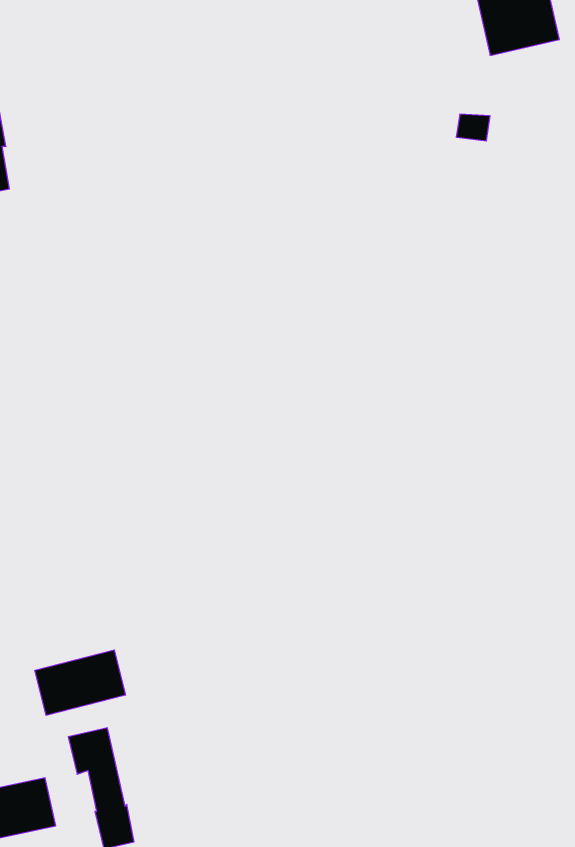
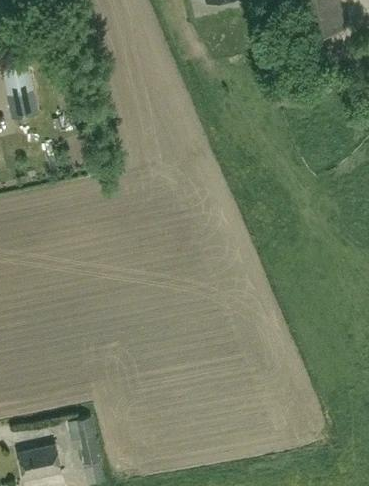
building: [35,650,126,715] -> none

